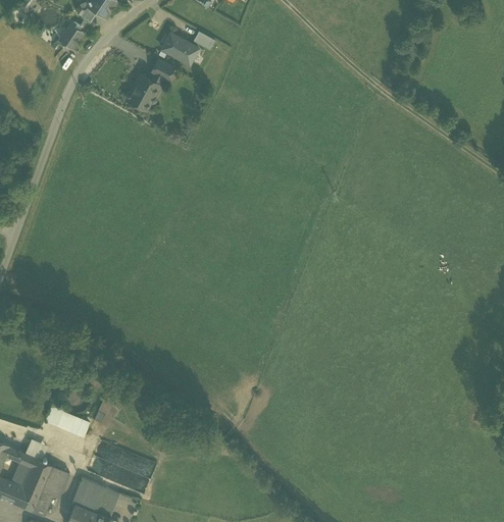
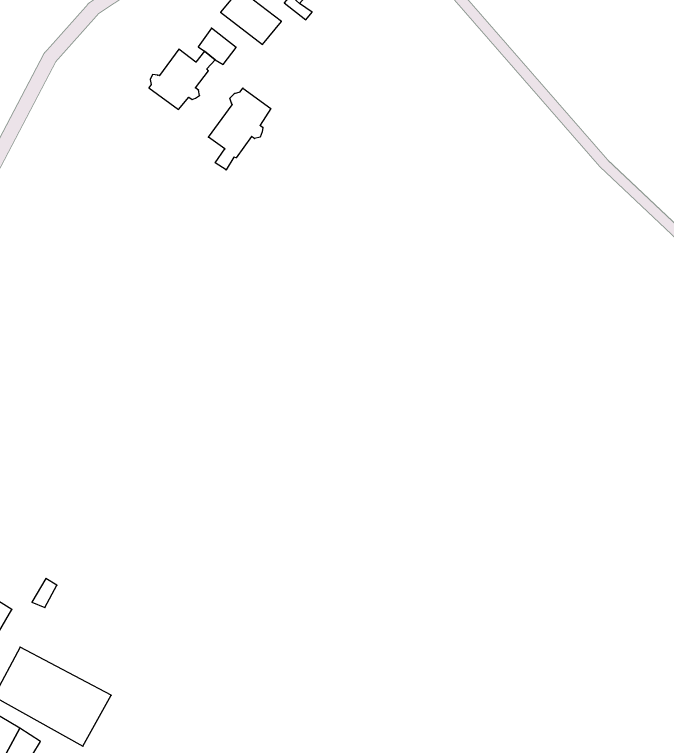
building: none -> [208,88,271,170]

